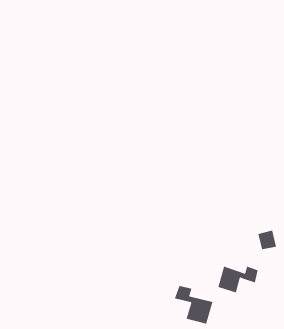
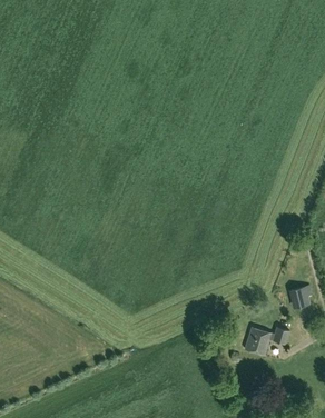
building: [174,285,213,324] -> none

